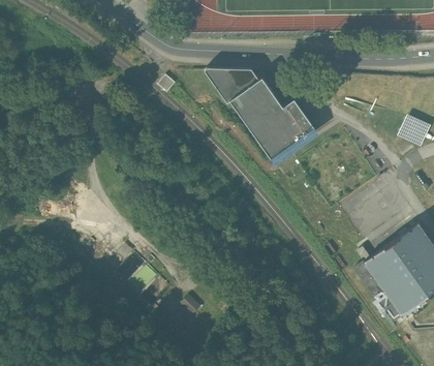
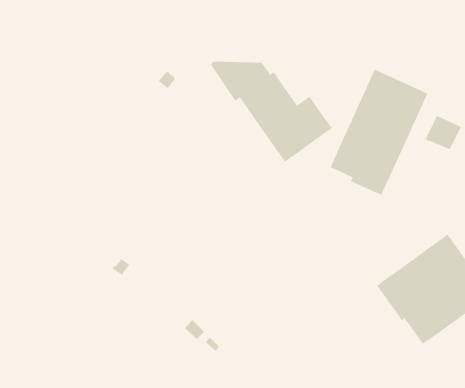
building: none -> [330,69,428,195]

